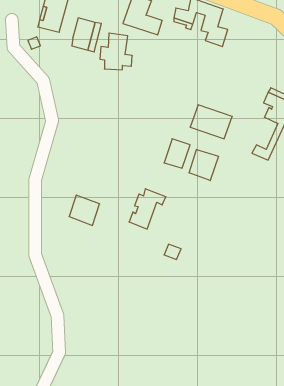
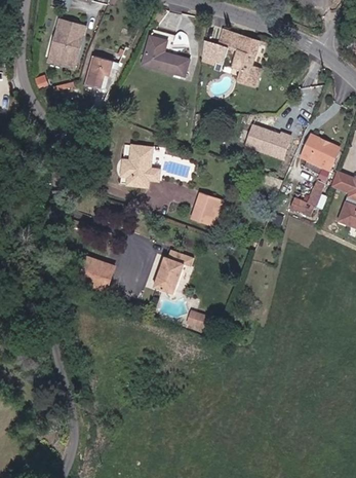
building: [100,33,132,70] -> [121,145,158,187]
building: [190,105,232,139] -> [243,122,291,161]
building: [189,149,218,181] -> none

